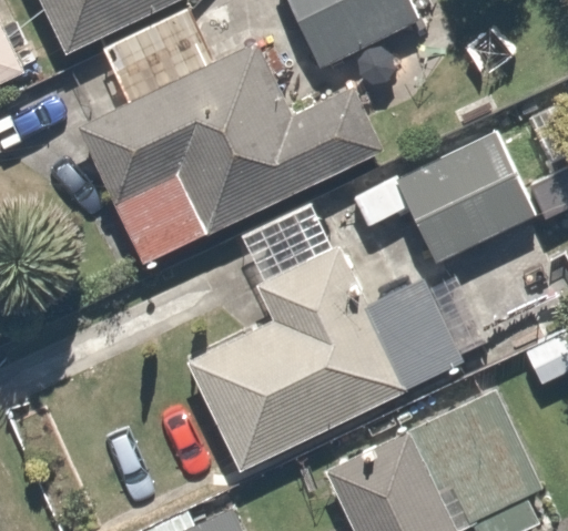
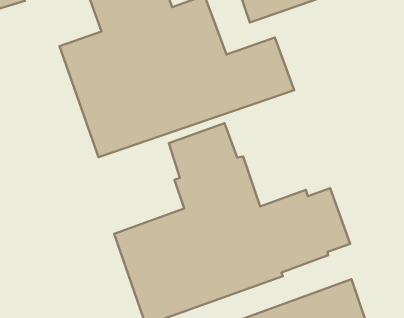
building: [390,131,534,263] -> none

